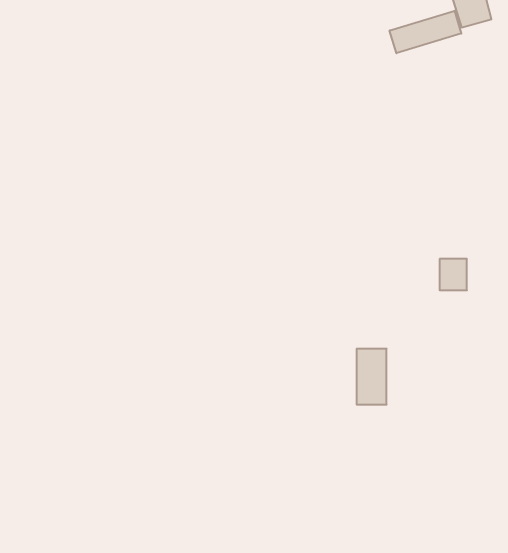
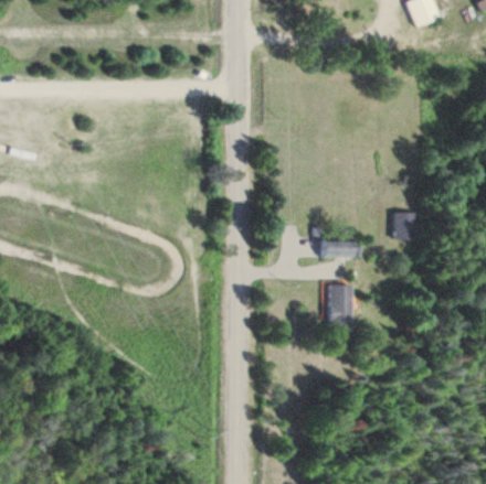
building: [390,11,461,53] -> none
building: none -> [316,240,352,258]

